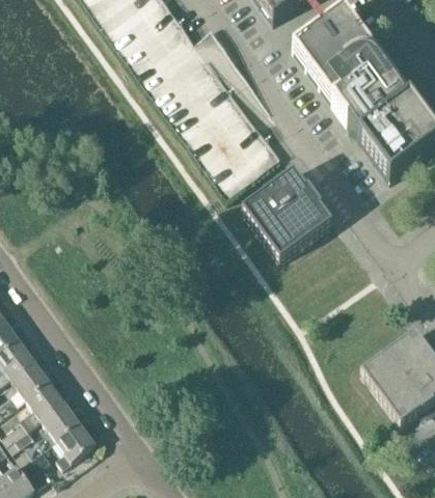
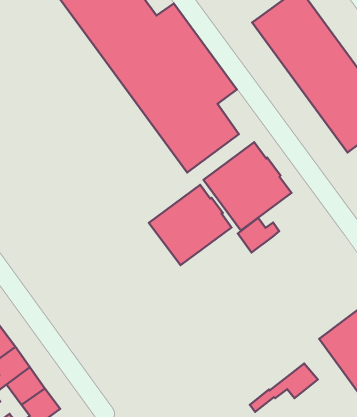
building: none -> [149,185,232,265]
building: none -> [238,218,279,252]
building: none -> [250,364,318,412]

